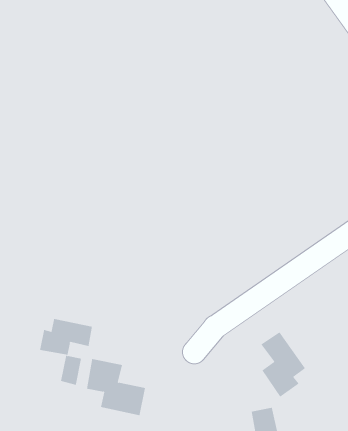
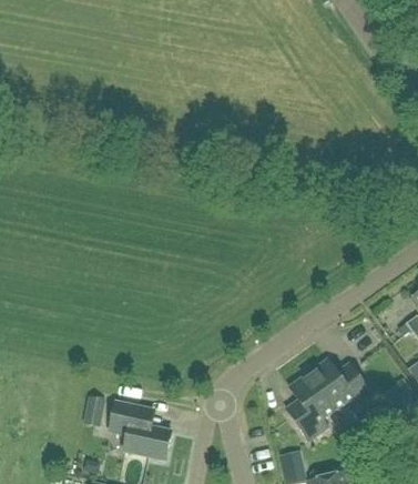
building: none -> [308,356,373,409]
building: [39,318,93,356] -> none

